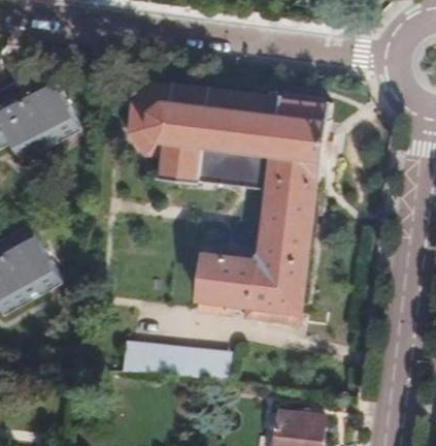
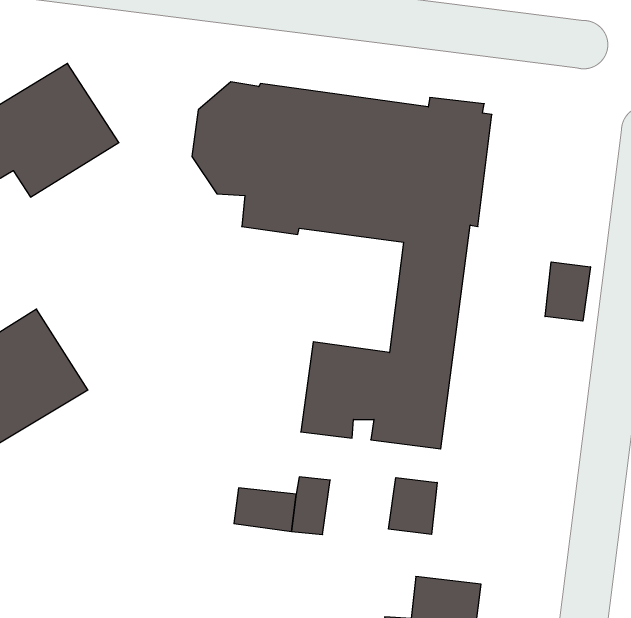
building: none -> [545,262,590,321]
building: none -> [389,478,437,534]
building: [116,344,160,373] -> none

